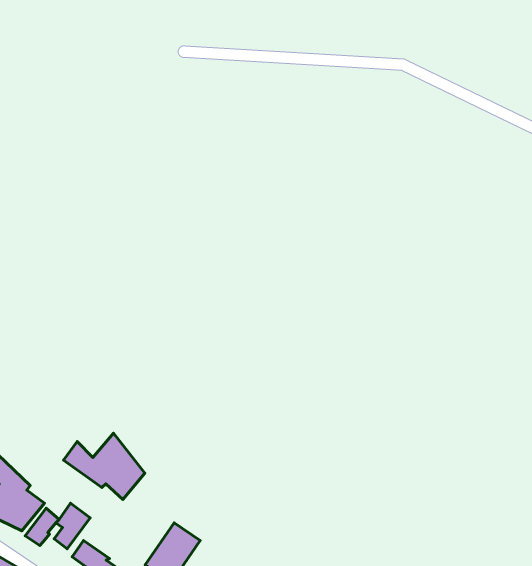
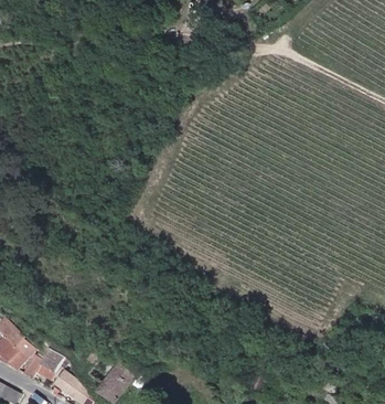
building: [63,433,145,499] -> none

